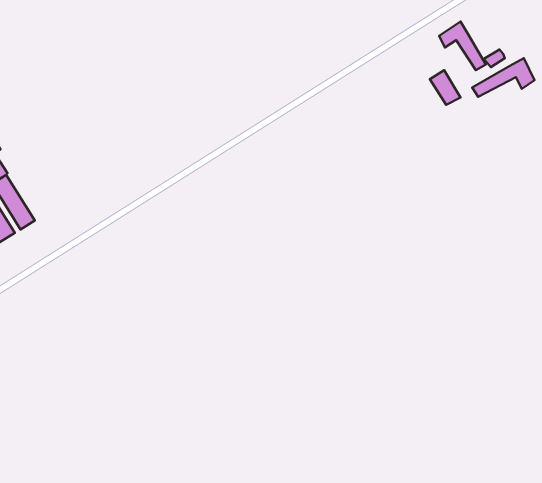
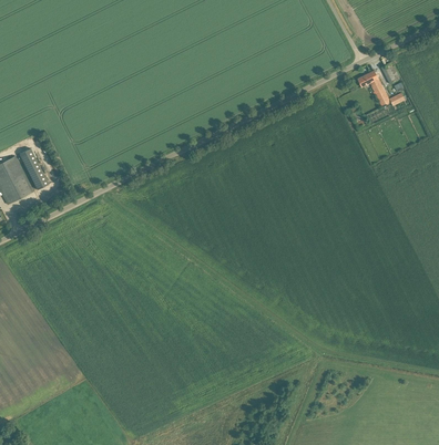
building: [472,58,534,97] -> none

